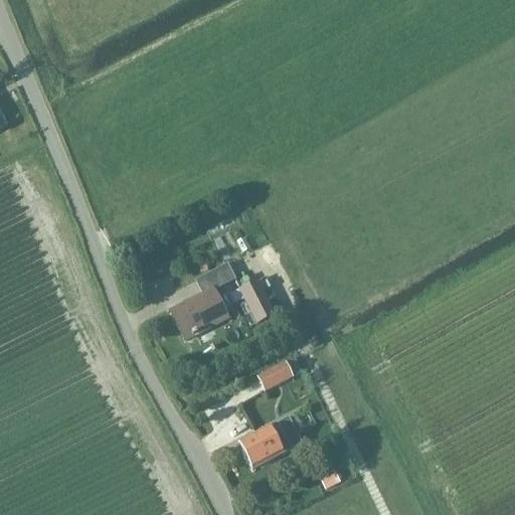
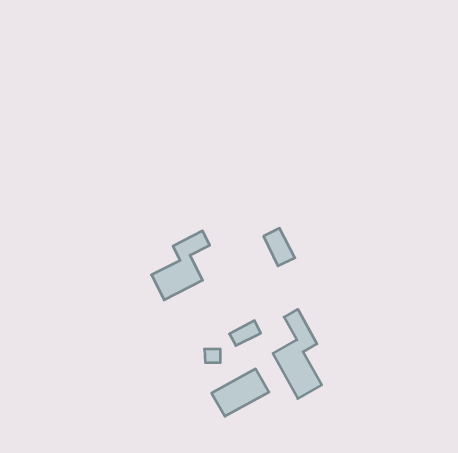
building: [239,278,275,320] -> [264,228,295,266]
building: none -> [273,309,322,399]

